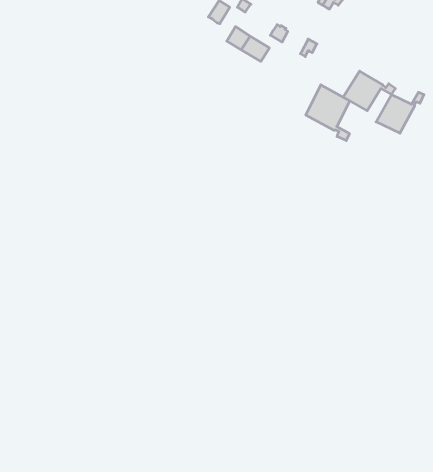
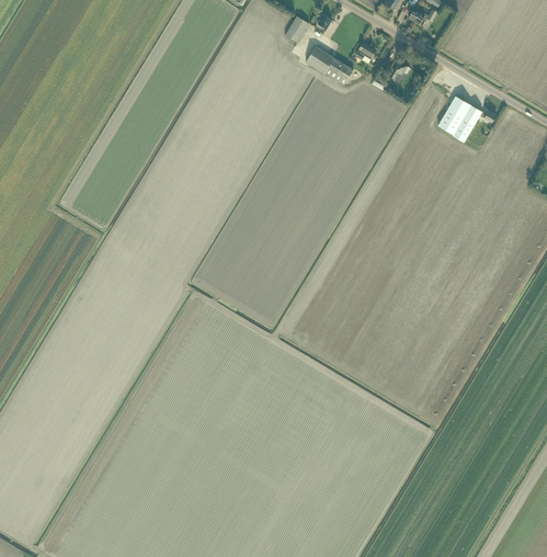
building: [306,85,350,141] -> none
building: [376,92,424,133] -> none

